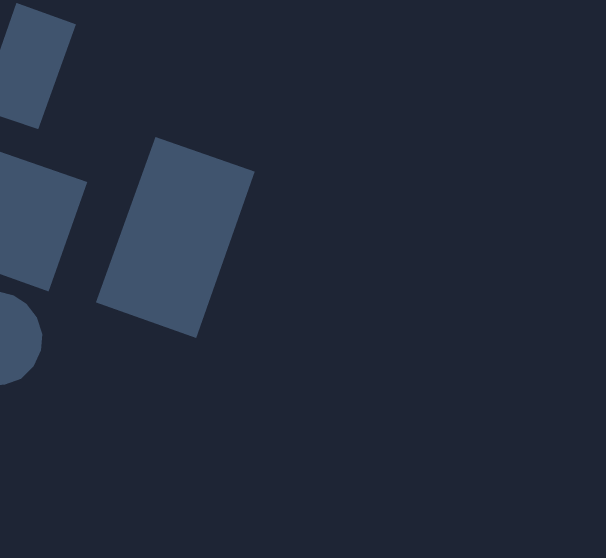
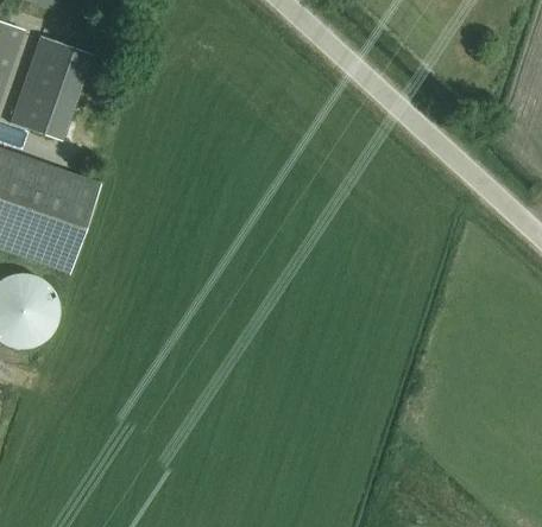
building: [95,136,256,339] -> none

